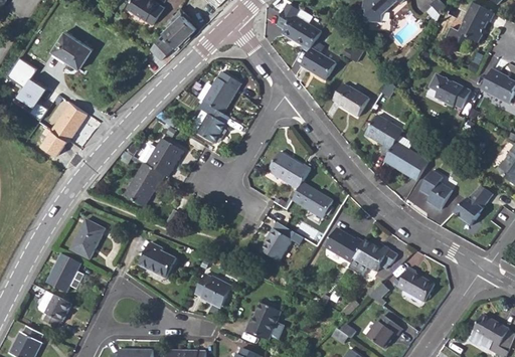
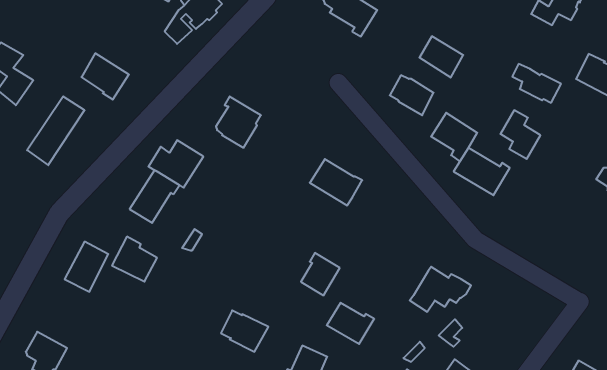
building: [53,32,92,69] -> [81,53,129,100]
building: [301,48,336,81] -> [419,36,463,78]
building: [197,73,241,114] -> none
building: [418,171,451,210] -> [500,110,540,159]
building: [291,183,331,217] -> none
building: [454,186,493,225] -> none
building: [324,228,362,261] -> [327,303,374,344]
building: [139,241,175,278] -> [112,237,157,282]
building: [47,253,84,292] -> none
building: [393,265,436,300] -> none

